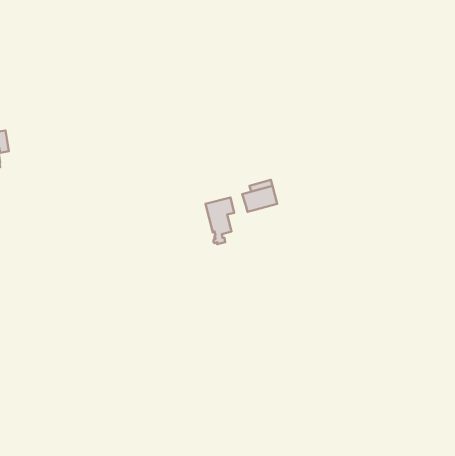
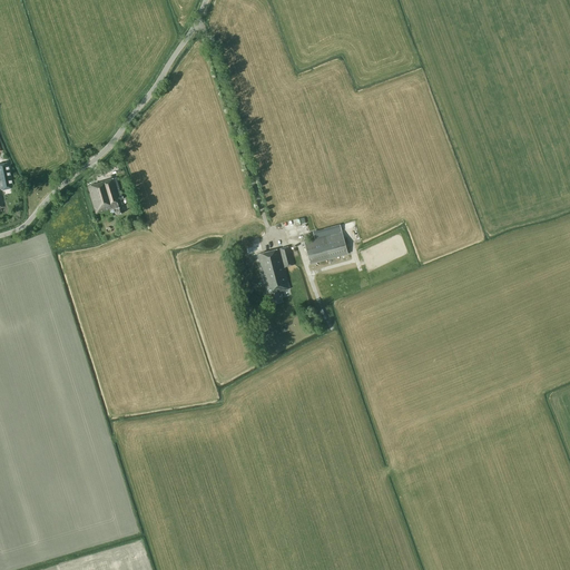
building: none -> [86,179,122,216]

